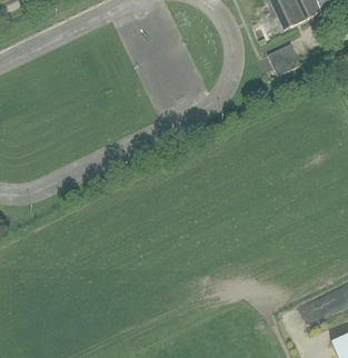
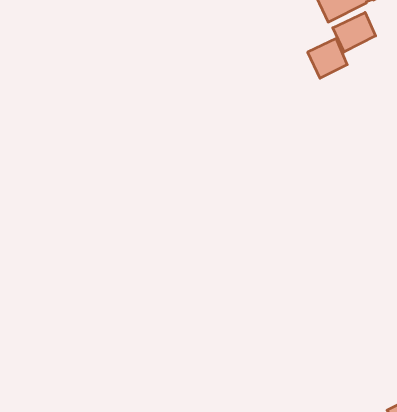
building: none -> [333,12,376,52]

